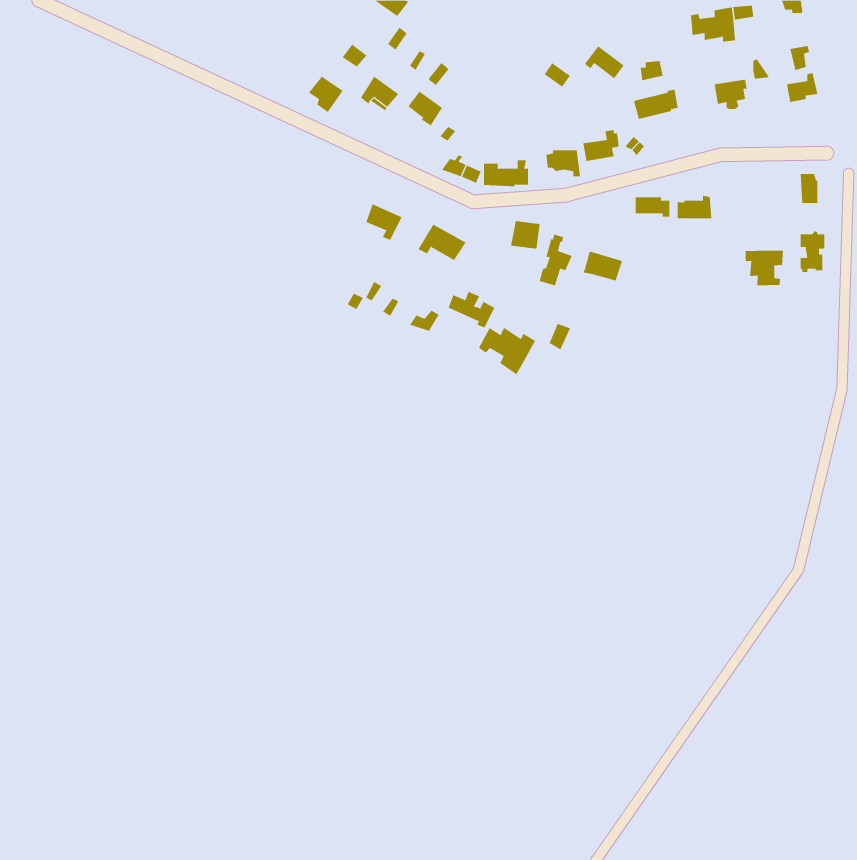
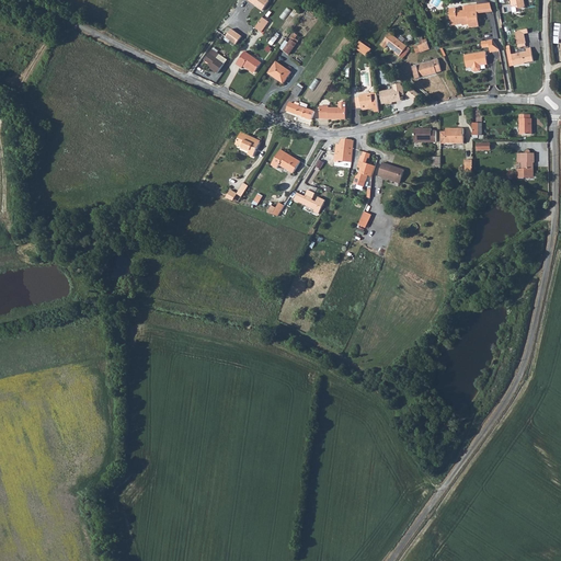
building: [745,250,784,286] -> none
building: [478,327,536,375] -> none

